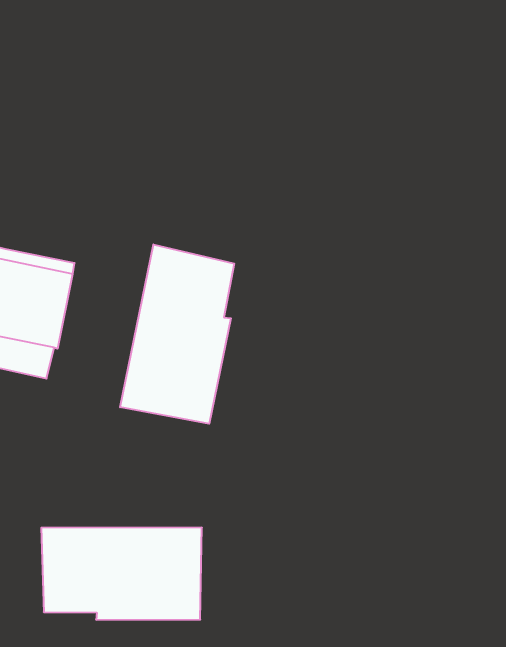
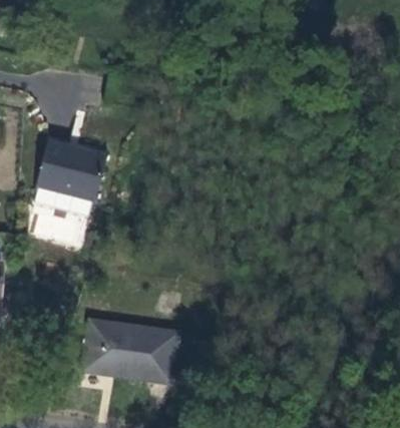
building: [120,244,234,424] -> none

